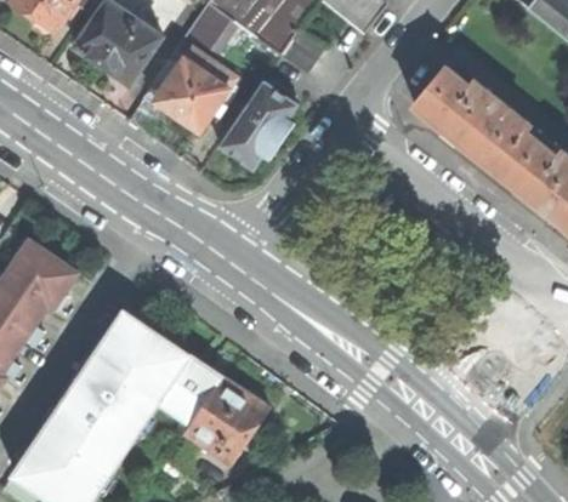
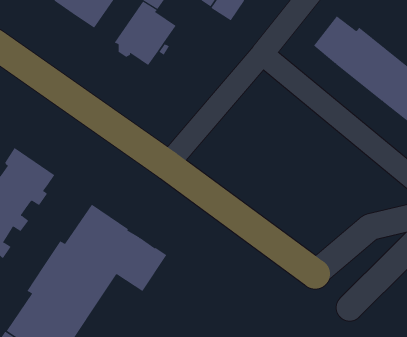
building: [218,81,297,171] -> none
building: [187,378,269,463] -> none

